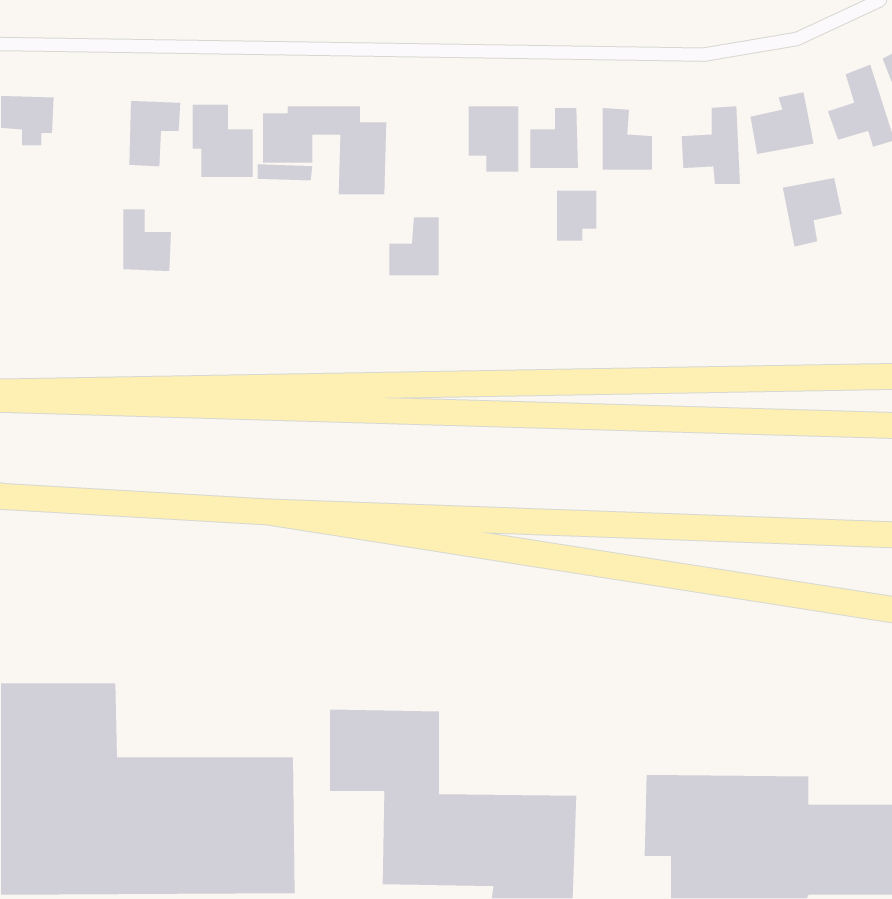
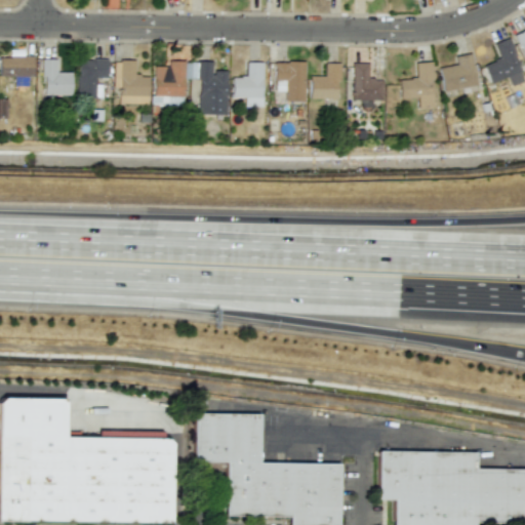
building: [782,177,843,248] -> none
building: [556,190,597,242] -> none
building: [123,208,172,272] -> [45,58,74,95]
building: [388,216,439,276] -> [235,62,265,96]

